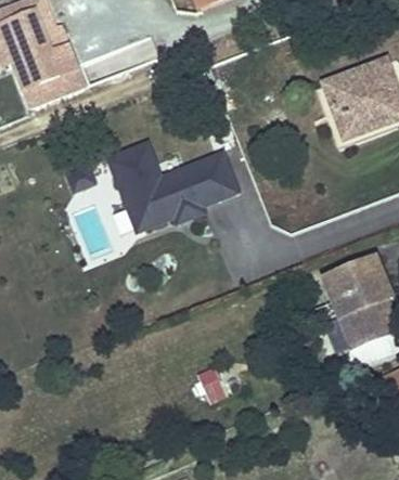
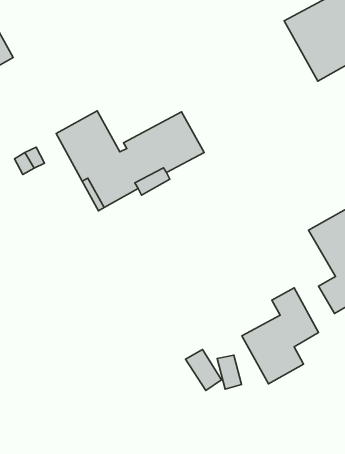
building: none -> [242,288,319,384]

